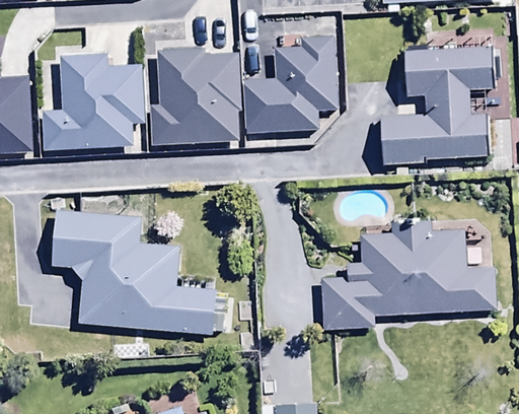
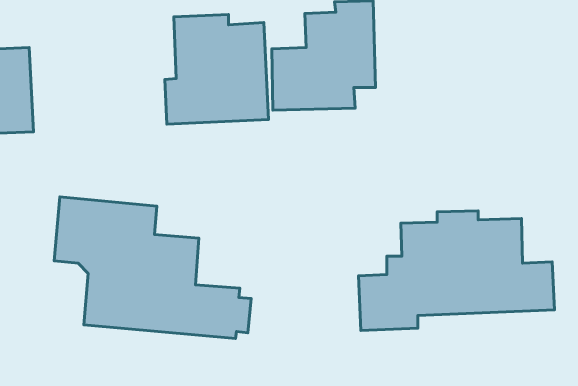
building: [380,47,495,166] -> none
building: [42,53,145,150] -> none

